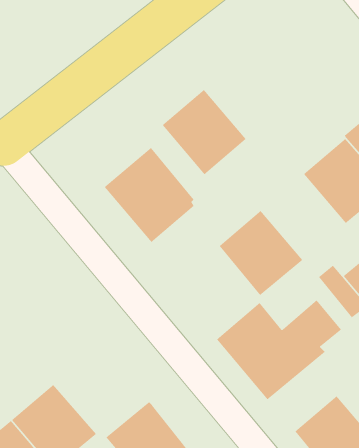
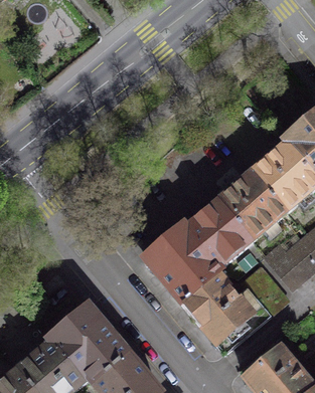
building: [162,89,246,175] -> [218,169,287,238]
building: [104,147,195,243] -> [144,225,217,303]
building: none -> [49,305,128,382]

